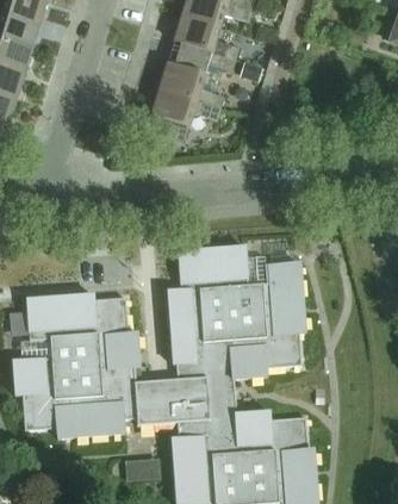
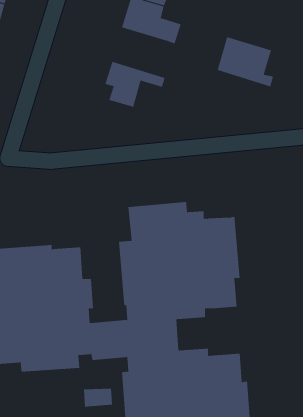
building: [160,48,224,105] -> [217,36,274,87]

